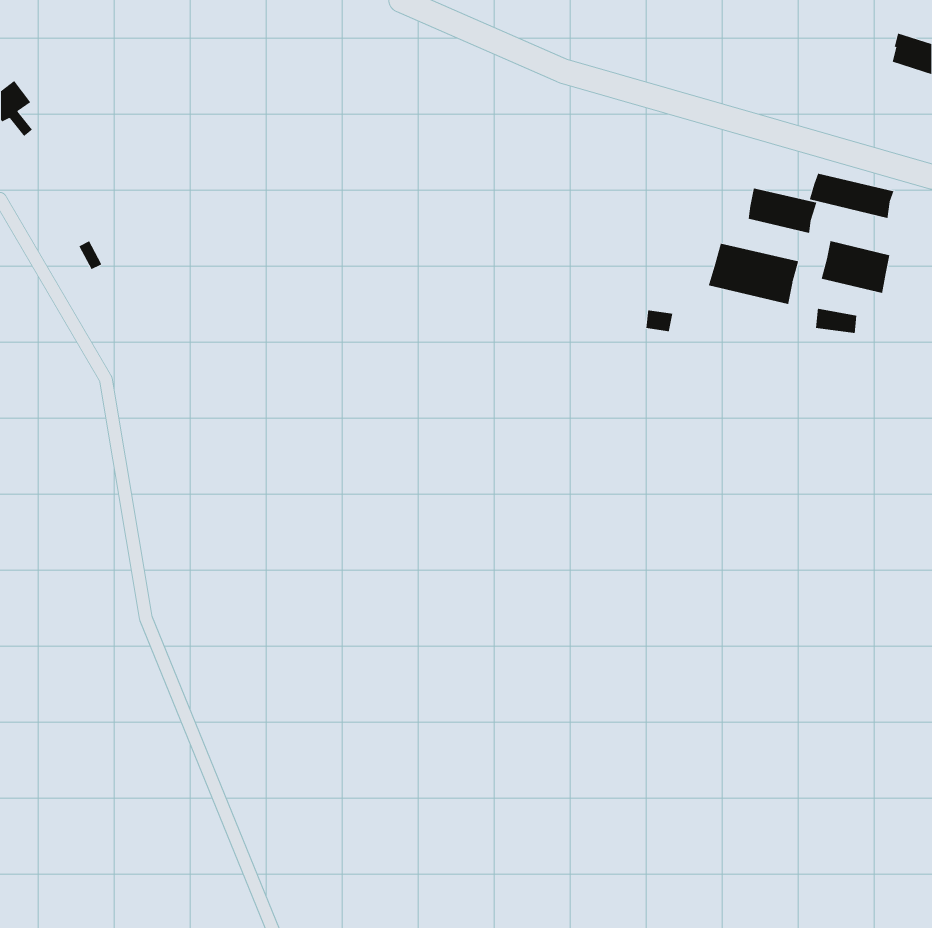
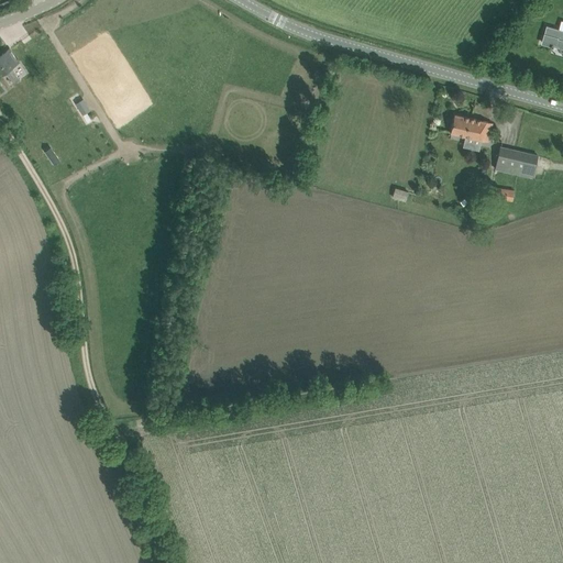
building: [809,173,894,219] -> none
building: [708,243,799,305] -> none

